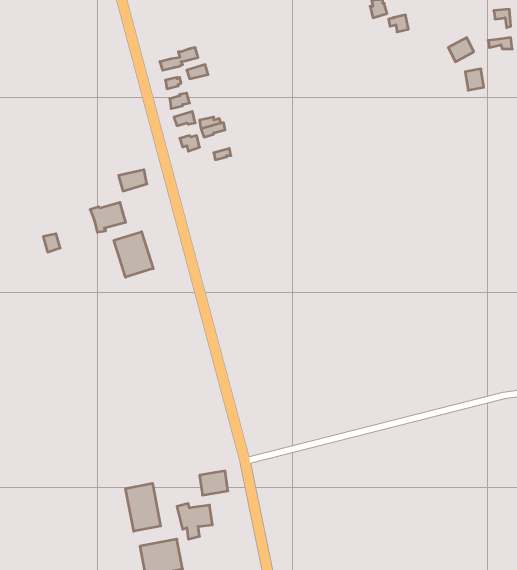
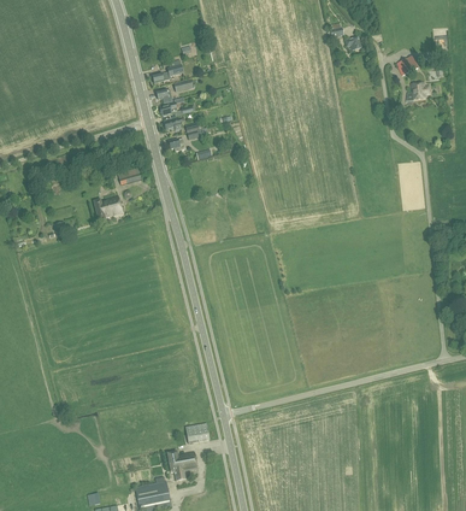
building: [114,232,153,277] -> none
building: [126,483,161,531] -> none

